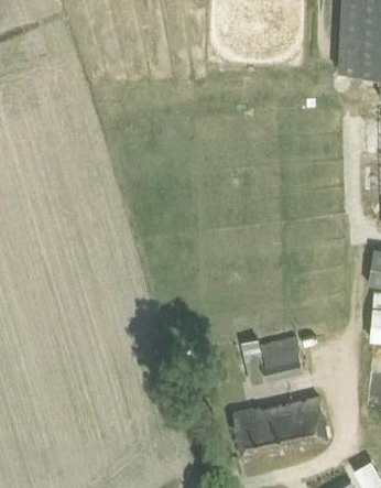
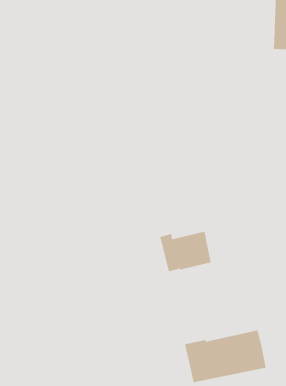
building: [243,336,304,383] -> [160,231,212,272]

